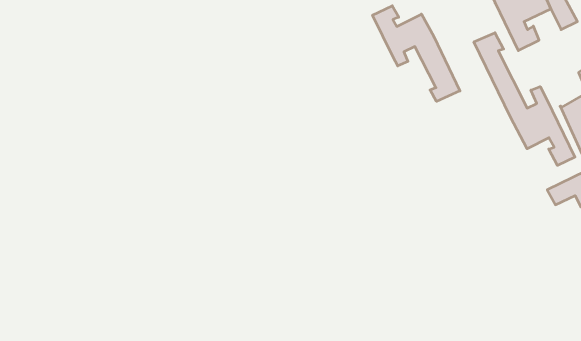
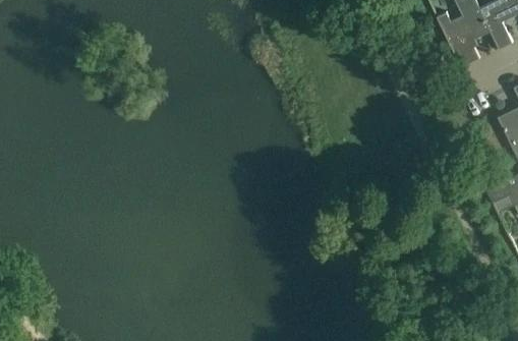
building: [373,6,460,101] -> none
building: [474,33,575,165] -> none

